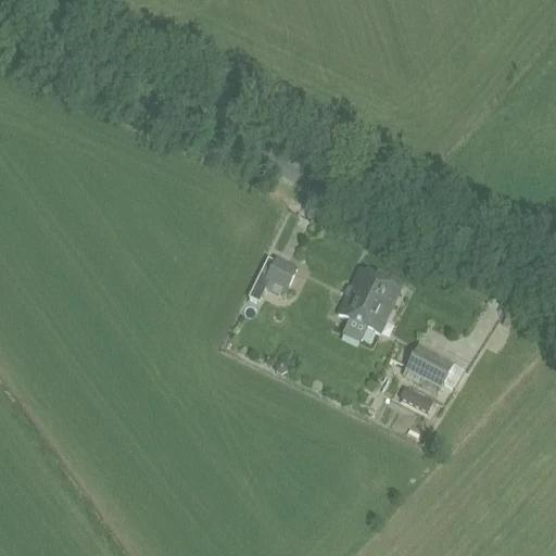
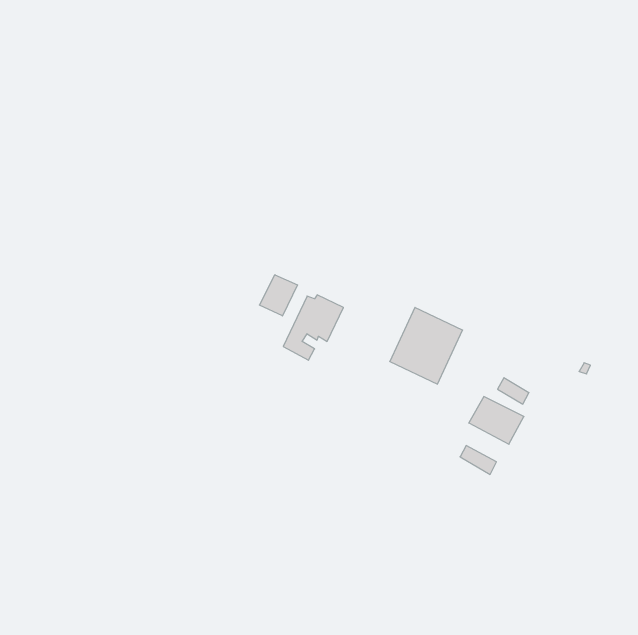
building: none -> [259,275,297,316]

